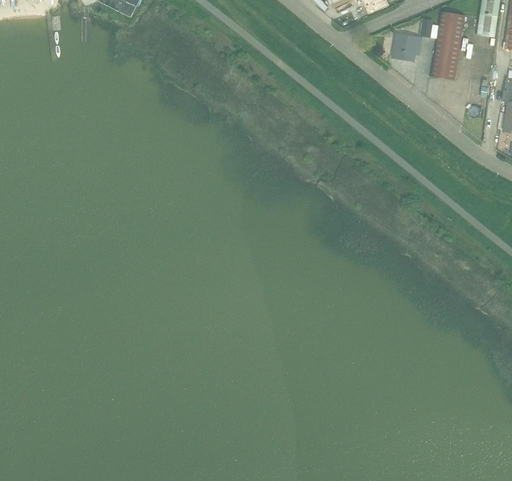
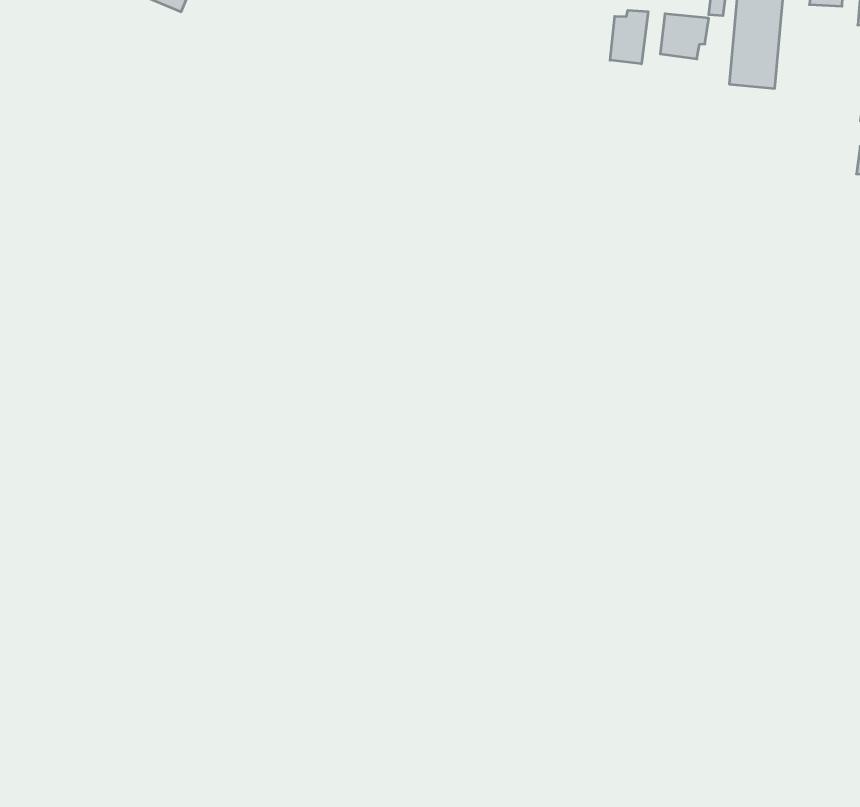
building: none -> [610,10,648,64]

